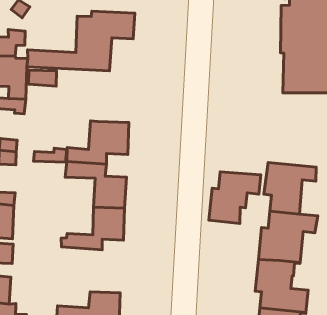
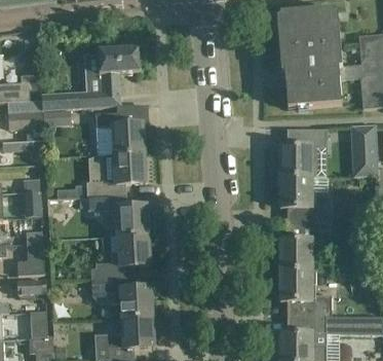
building: none -> [94,112,144,154]
building: [209,172,261,223] -> [280,128,325,176]
building: none -> [91,276,152,317]

